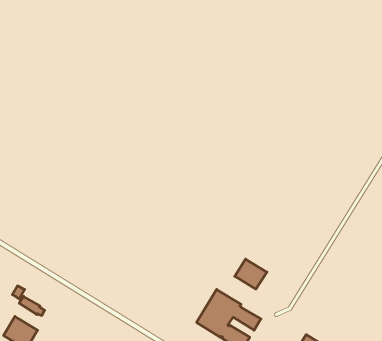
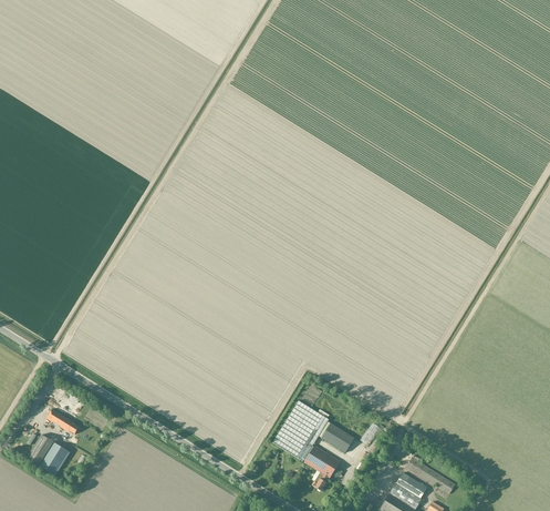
building: [235,259,267,289] -> none

